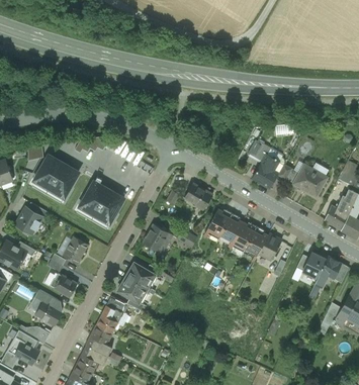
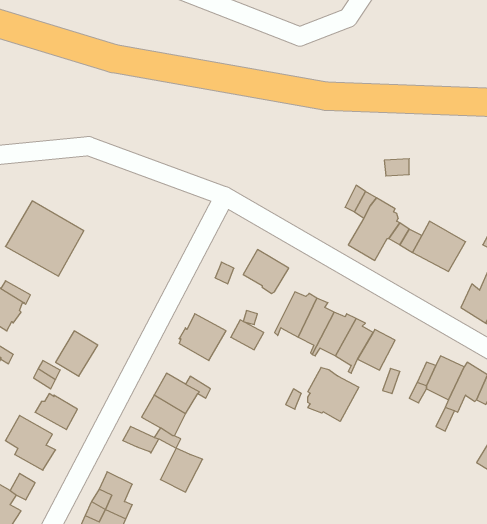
building: [73,177,127,230] -> none
building: none -> [308,367,359,421]
building: [96,305,123,333] -> [160,448,203,492]

